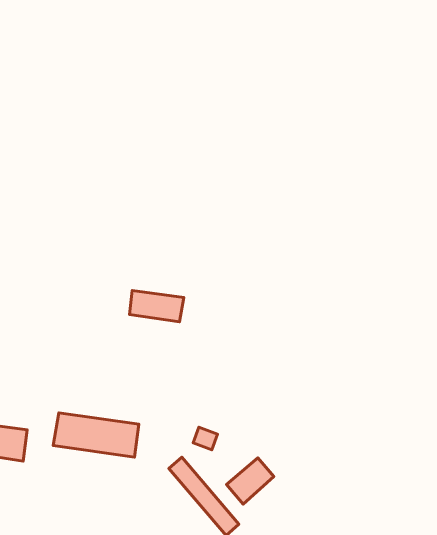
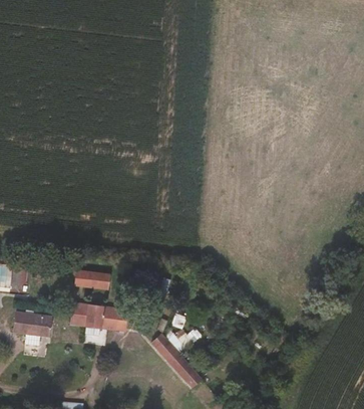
building: [129,290,184,322] -> [75,269,113,291]
building: [226,458,274,504] -> none

